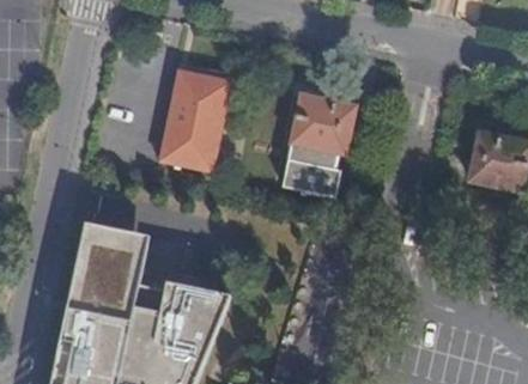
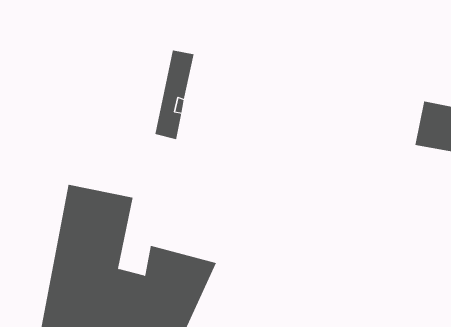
building: [148,66,199,164] -> none
building: [272,92,345,195] -> none

